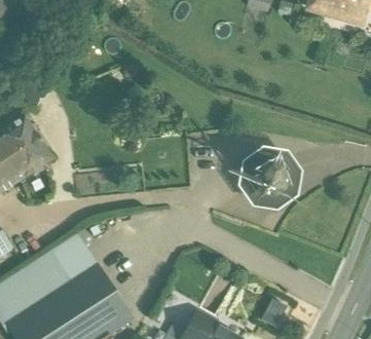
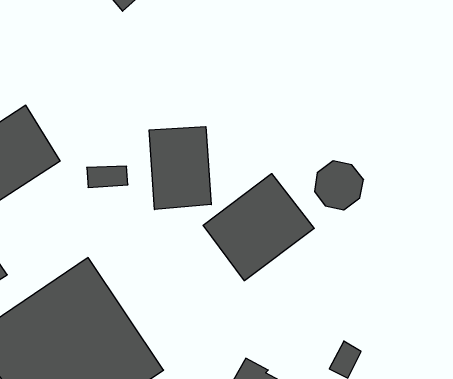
building: none -> [149,127,211,210]
building: none -> [203,174,314,281]

